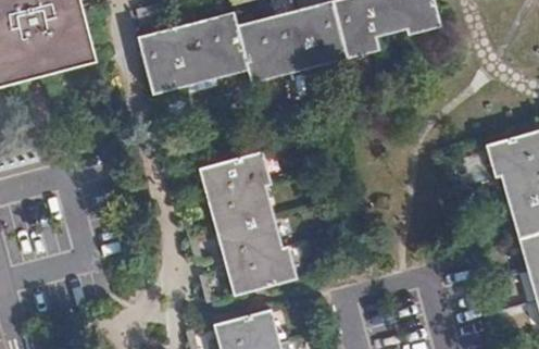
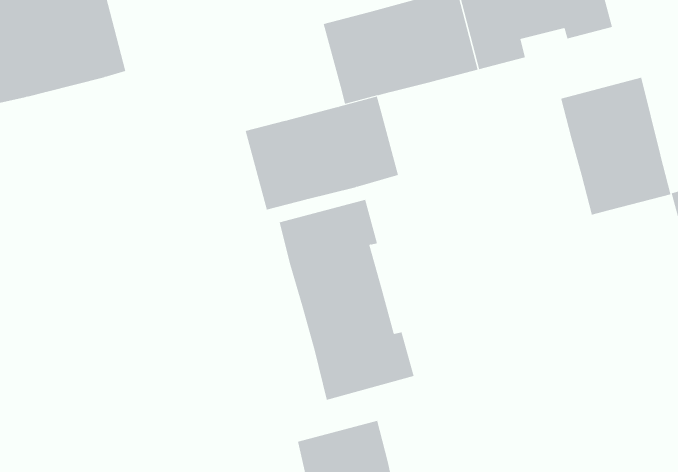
building: [138,13,248,95] -> [245,96,399,210]
building: none -> [561,77,671,216]

